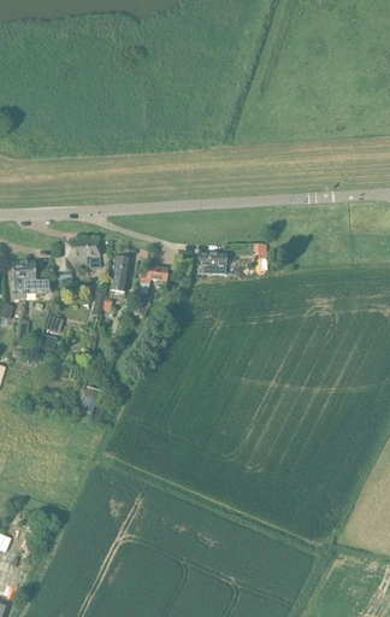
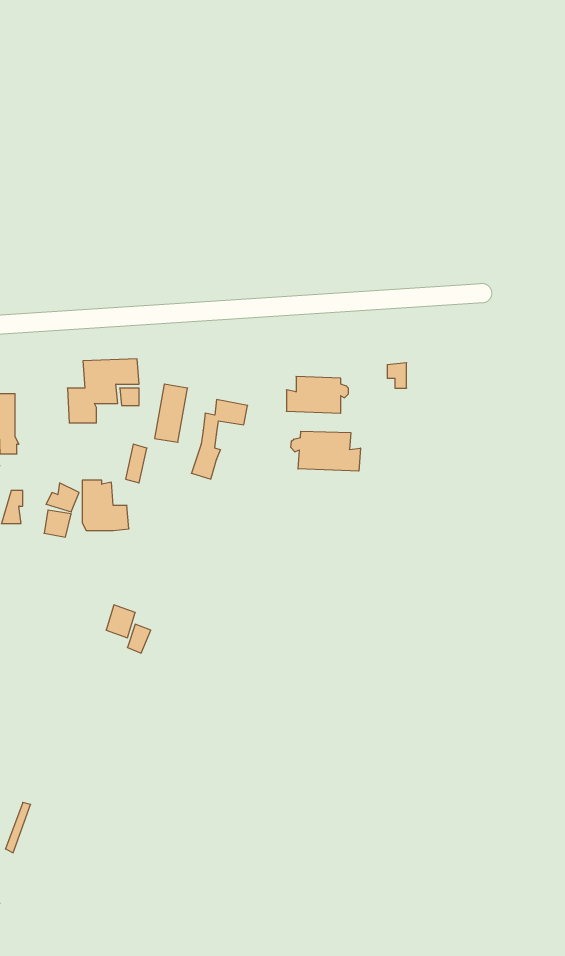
building: [23,262,52,293] -> [82,480,129,531]
building: none -> [291,431,360,471]

